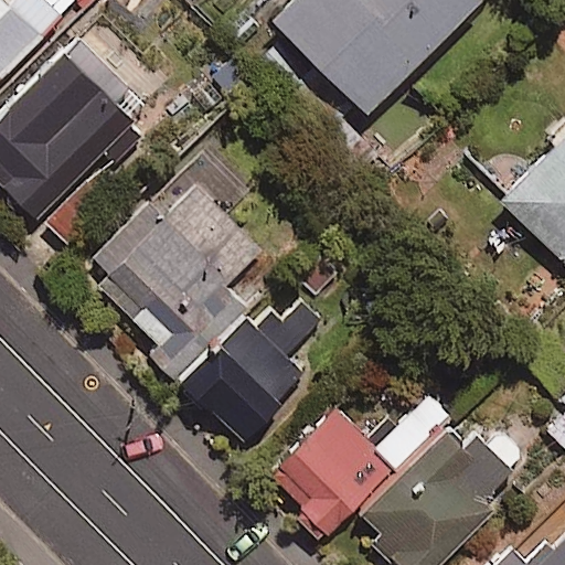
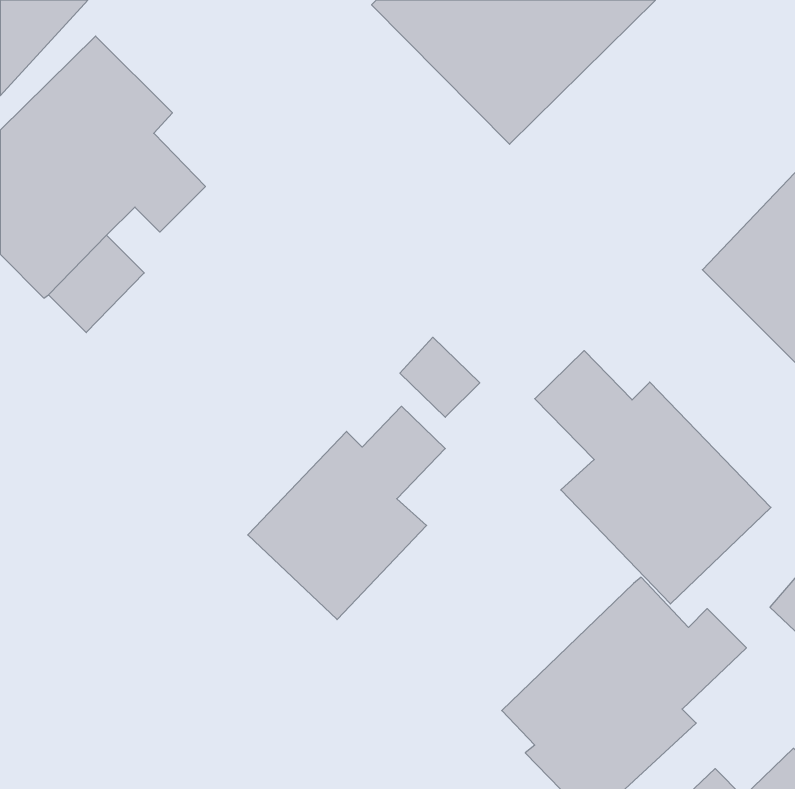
building: [82,149,262,385] -> none
building: none -> [535,351,771,604]
building: [266,396,450,541] -> none

